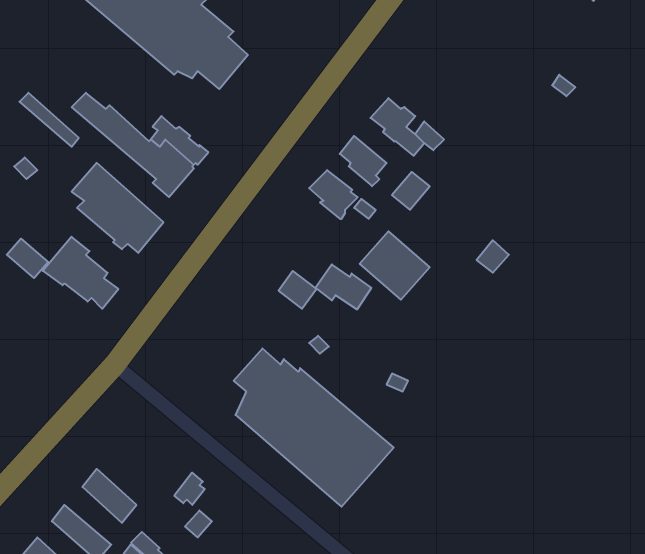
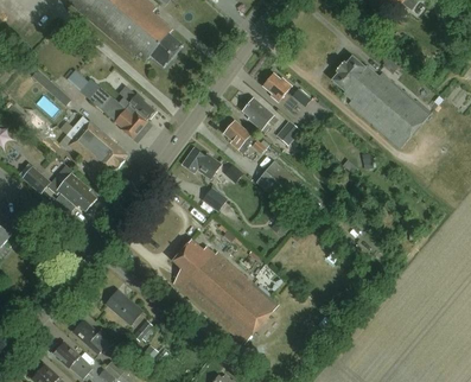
building: none -> [333,56,431,148]
building: [316,264,371,309] -> [184,148,221,178]
building: none -> [107,289,144,325]

